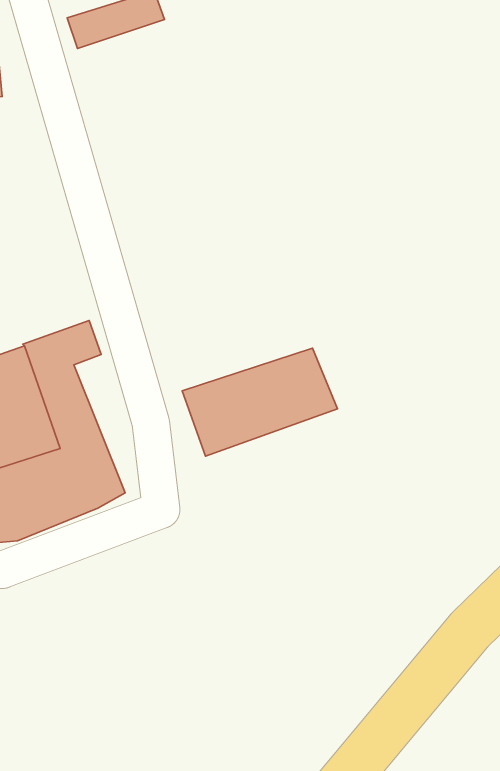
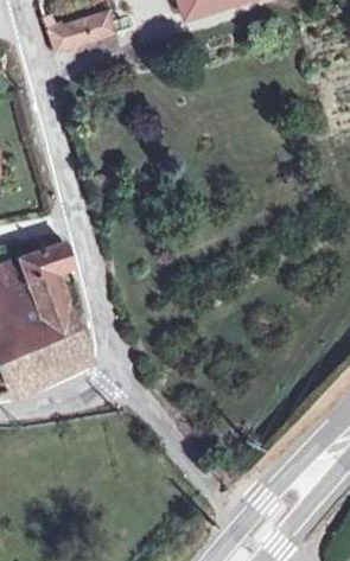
building: [182,348,337,456] -> none

